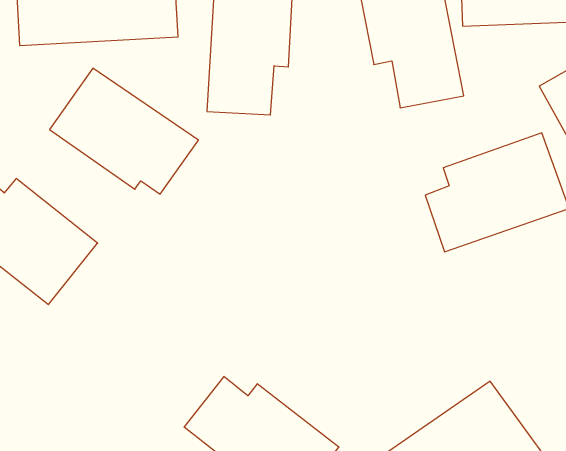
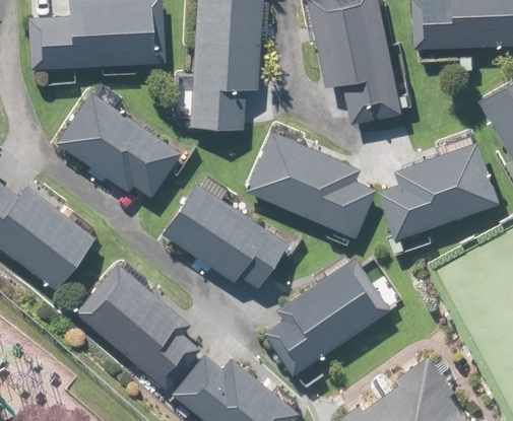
building: none -> [245,131,376,239]
building: none -> [162,182,292,291]
building: none -> [261,258,388,377]
building: none -> [75,264,201,390]

